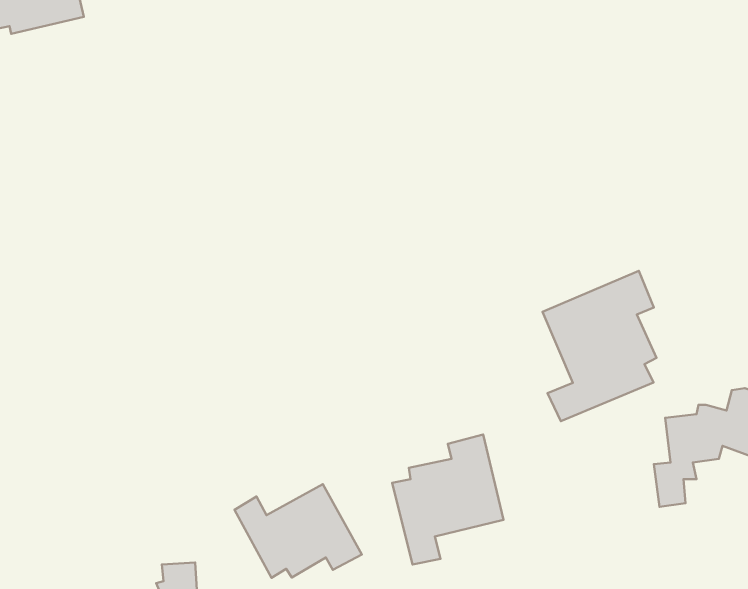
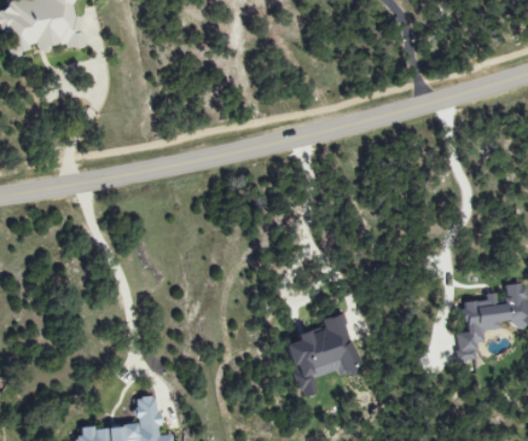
building: [543,271,657,421] -> none
building: [235,484,362,578] -> none

